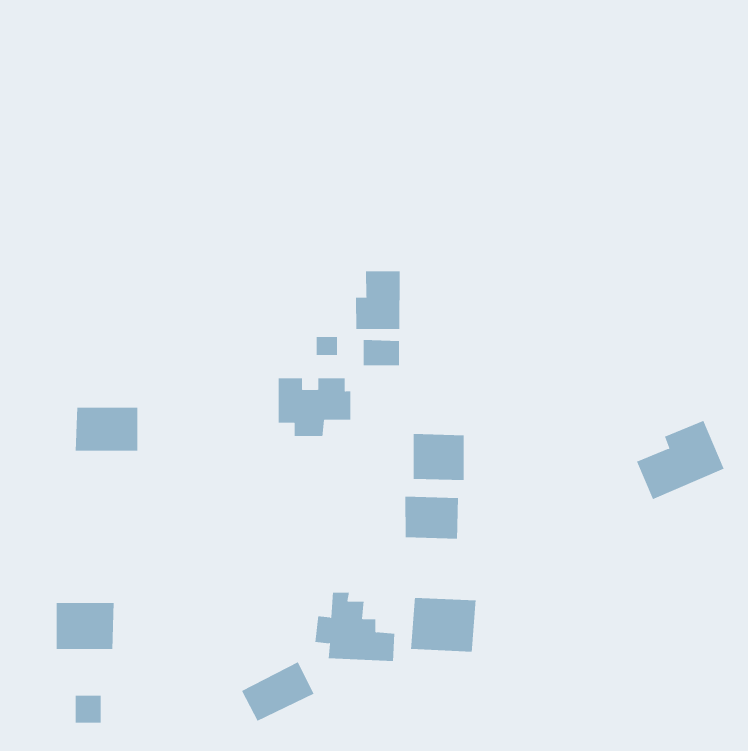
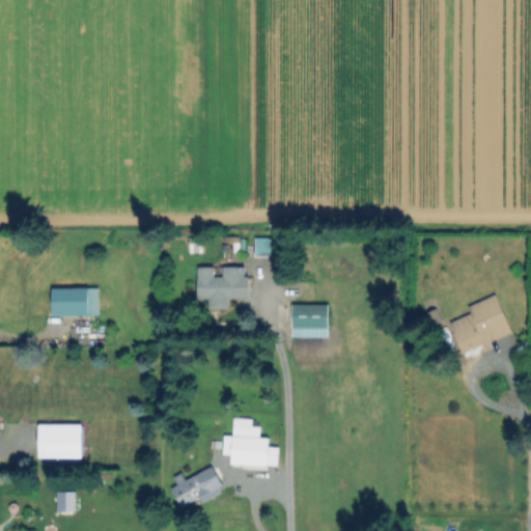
building: [355,270,400,330] -> none
building: [405,496,459,539] -> none
building: [411,597,476,652] -> none

